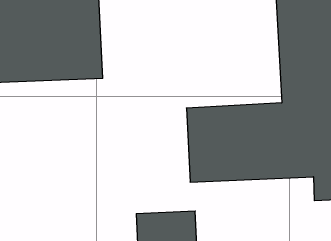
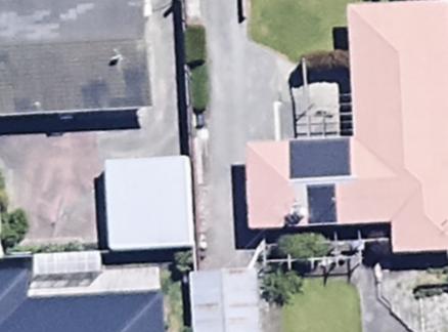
building: none -> [104,156,191,246]

